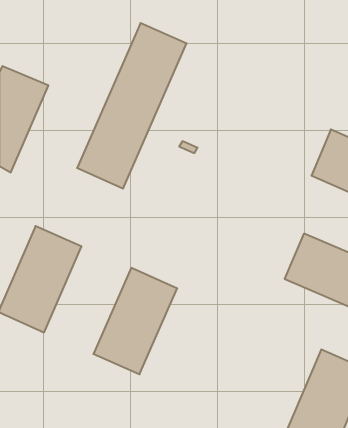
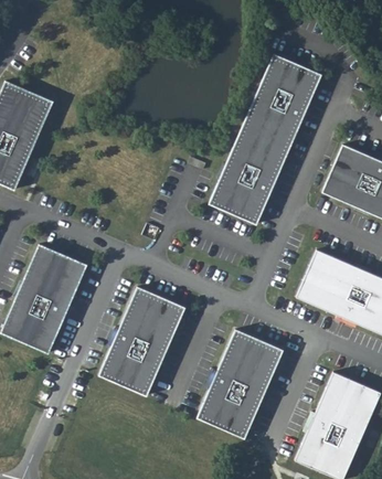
building: [77,23,187,188] -> [208,55,320,225]
building: none -> [197,331,283,439]

